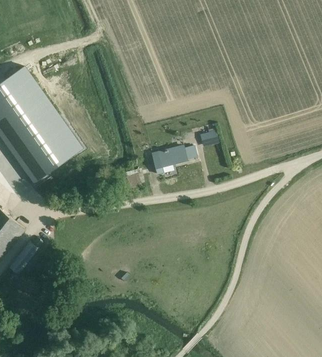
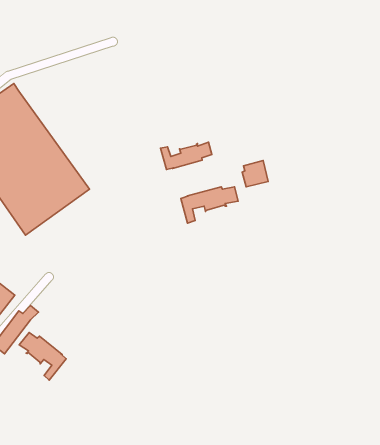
building: none -> [160,142,212,169]
building: none -> [19,332,66,380]

